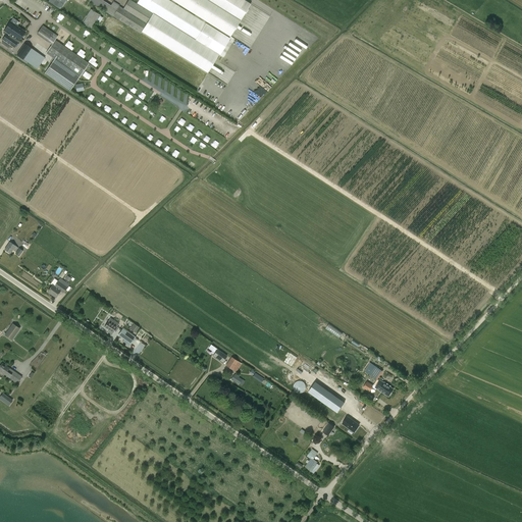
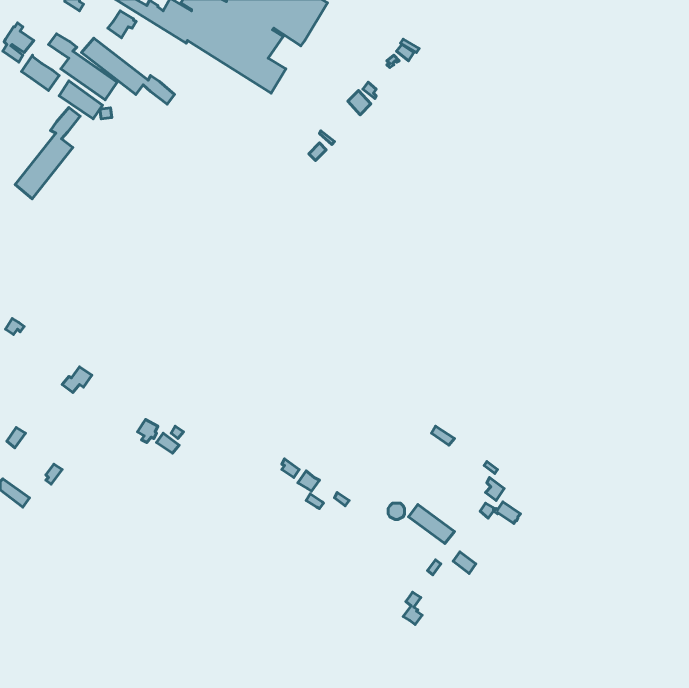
building: none -> [81,38,174,104]
building: none -> [15,108,80,199]

